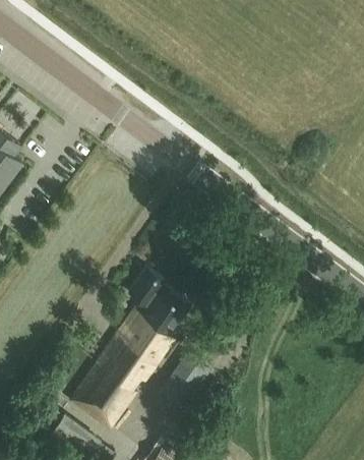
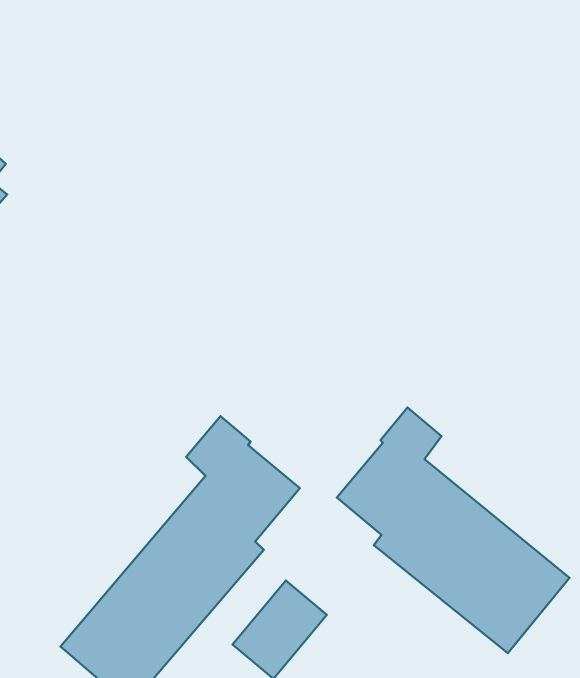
building: none -> [337,407,569,653]

